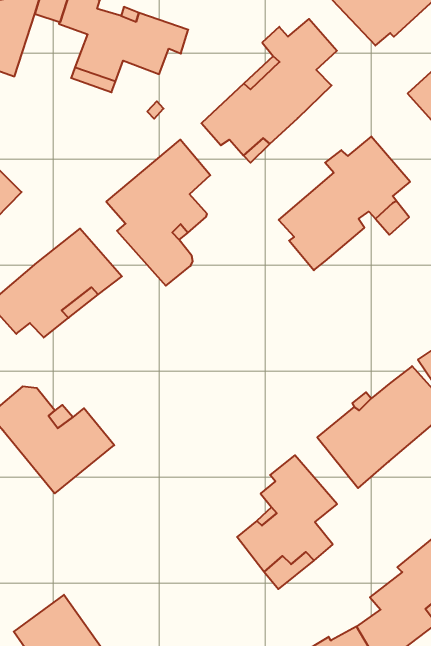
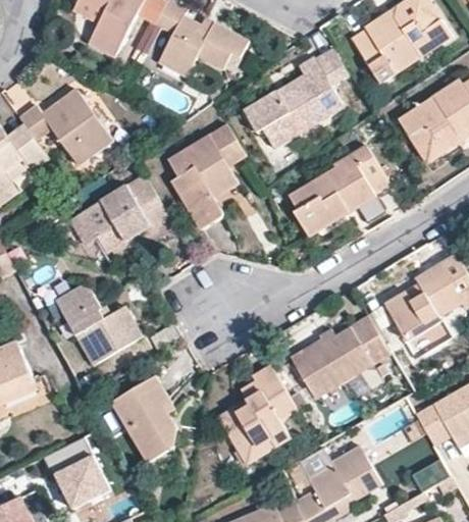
building: none -> [111,375,176,461]

